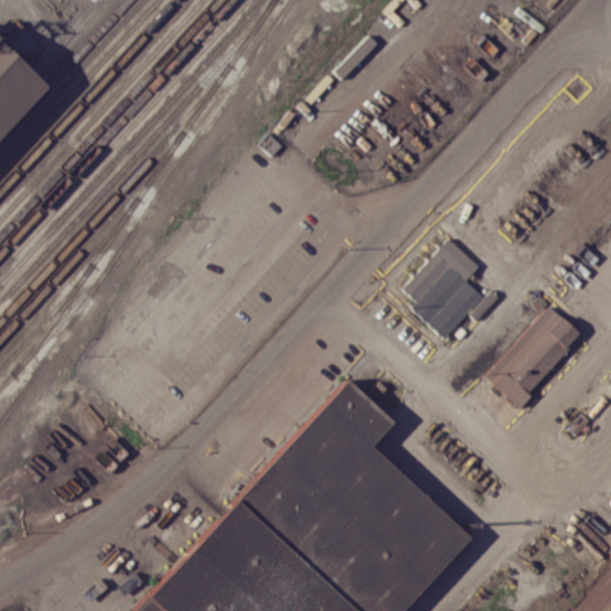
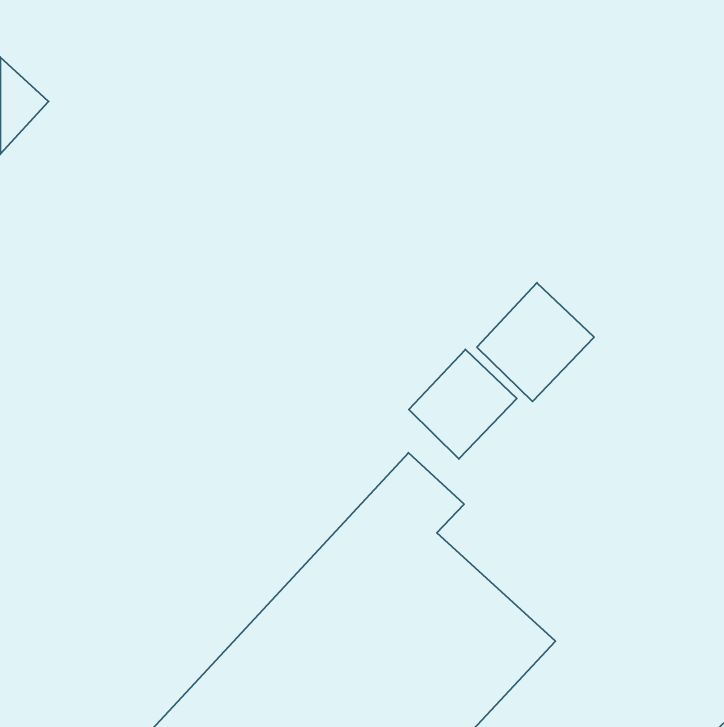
building: none -> [409,349,517,459]
building: [486,308,585,408] -> none

